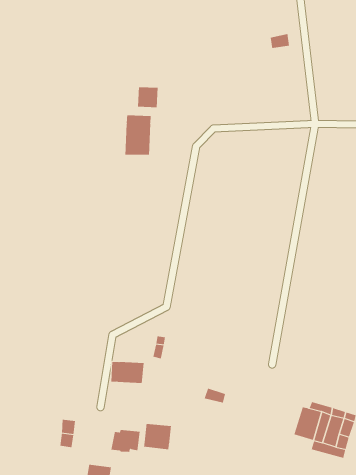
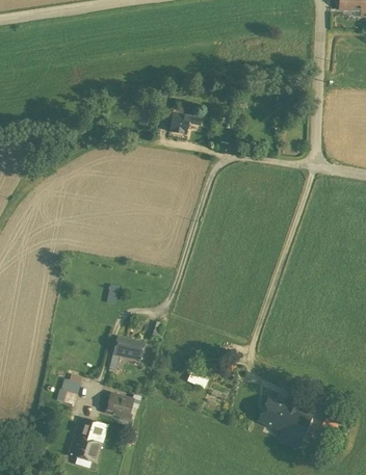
building: [125,114,151,155] -> none
building: [144,423,172,450] -> none

